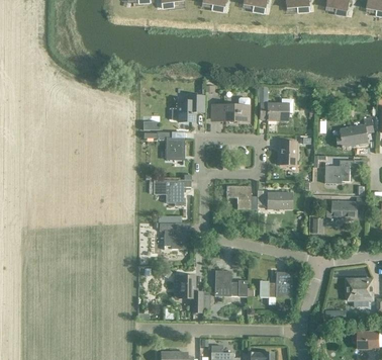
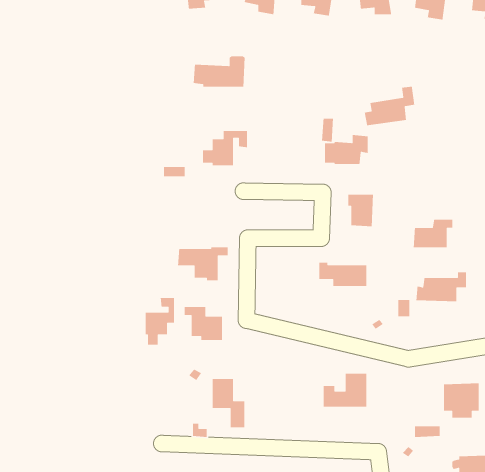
building: [210,98,249,121] -> [193,56,246,88]
building: [336,117,373,147] -> [364,86,415,126]
building: [144,131,183,159] -> none
building: [225,186,256,209] -> none
building: none -> [145,297,175,346]
building: [213,270,247,296] -> none

